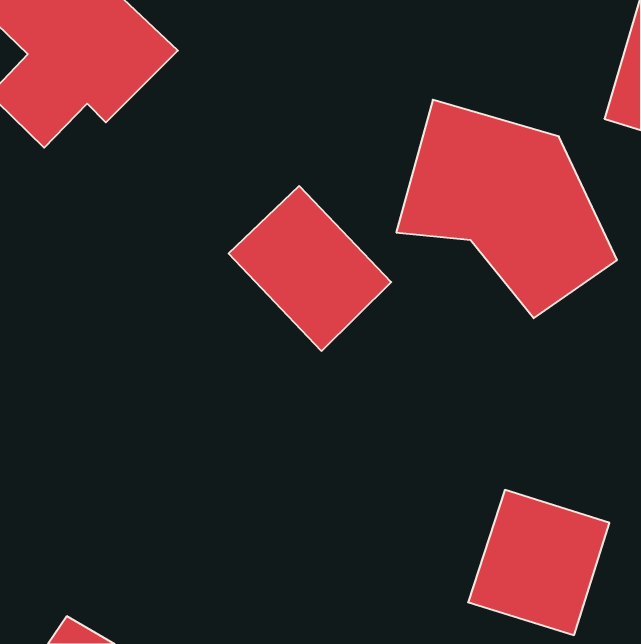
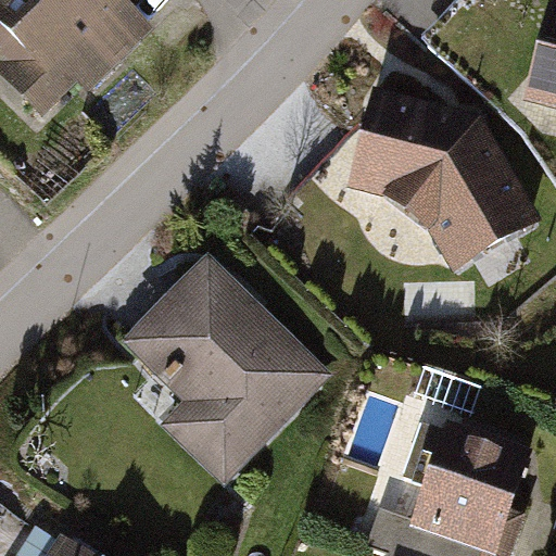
building: [229,186,391,351] -> none
building: none -> [116,254,327,483]

